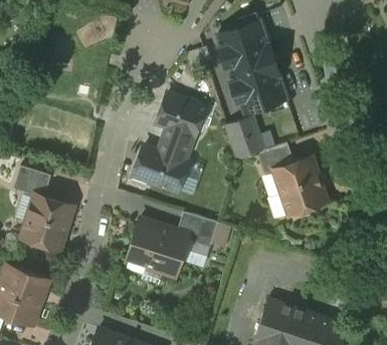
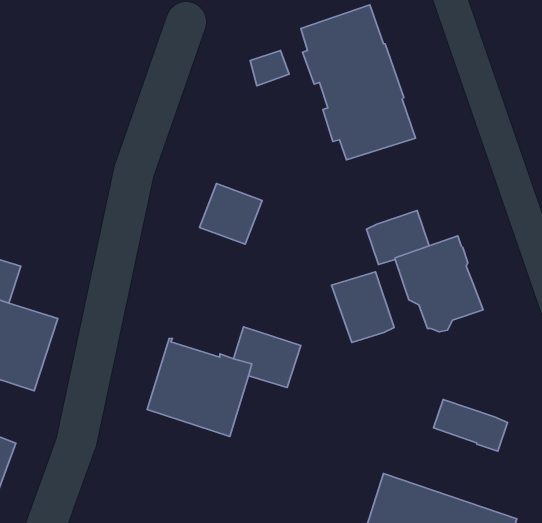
building: [157,95,201,136] -> none
building: [226,117,263,159] -> [332,272,394,343]
building: [134,147,188,191] -> none
building: none -> [434,400,508,451]

